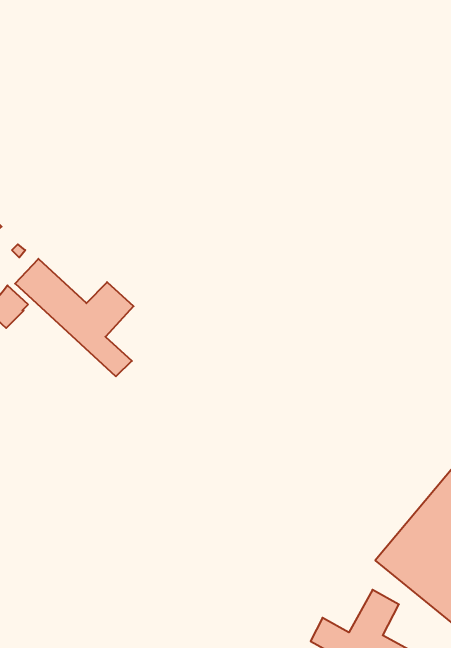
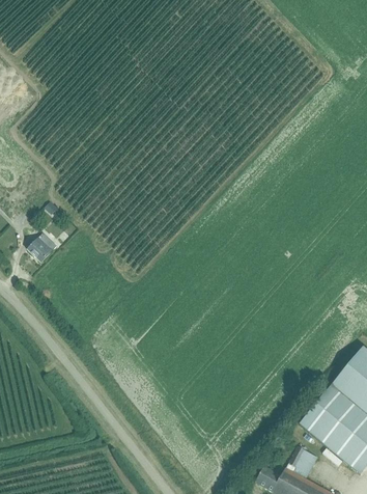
building: [15,259,134,376] -> none

